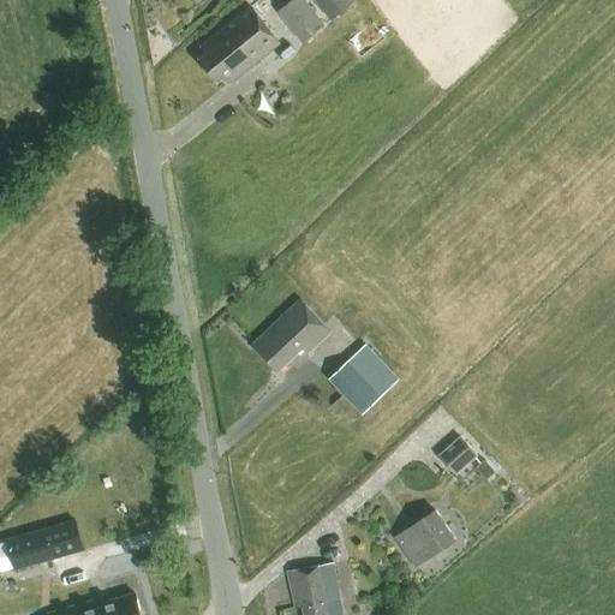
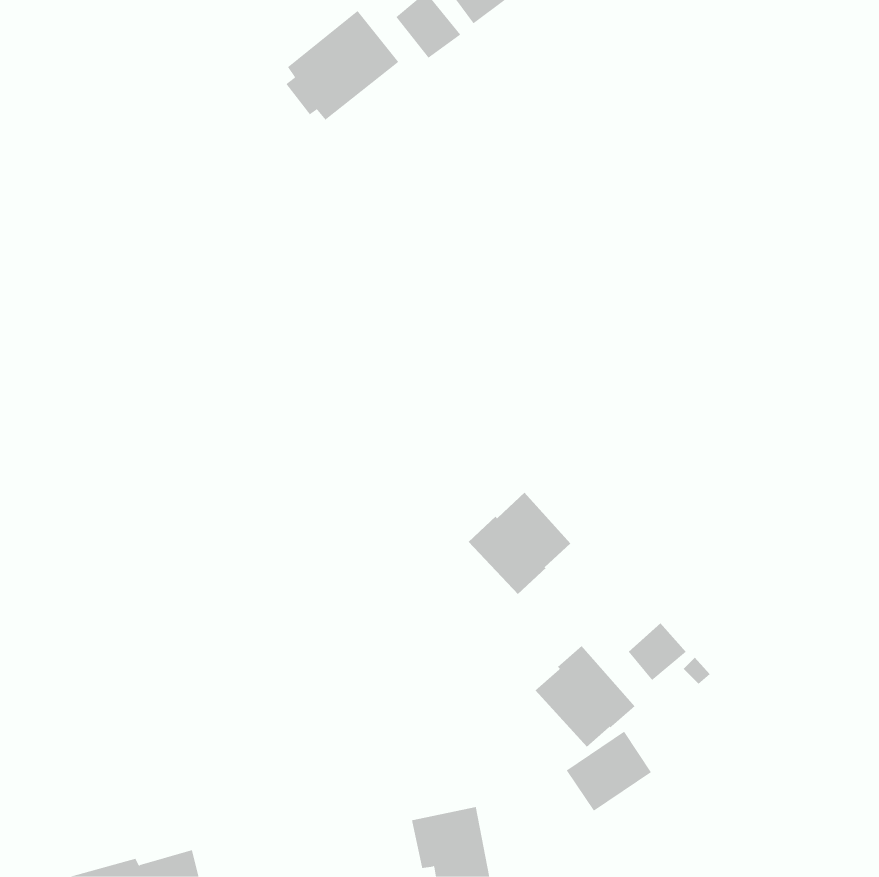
building: [250,299,330,371] -> none
building: none -> [535,645,636,748]
building: [6,520,83,569] -> none

